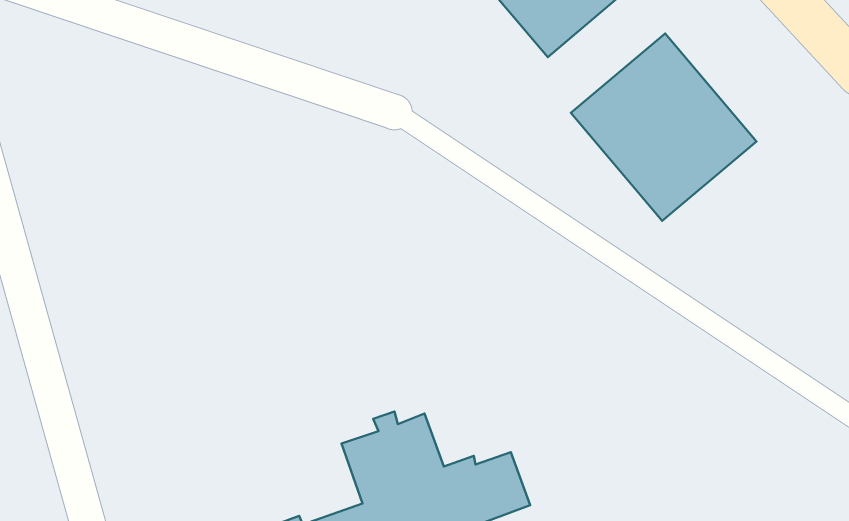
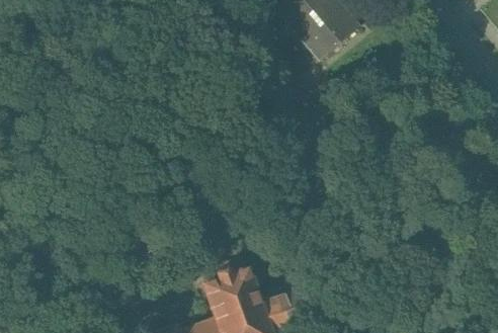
building: [571,34,757,221] -> none

